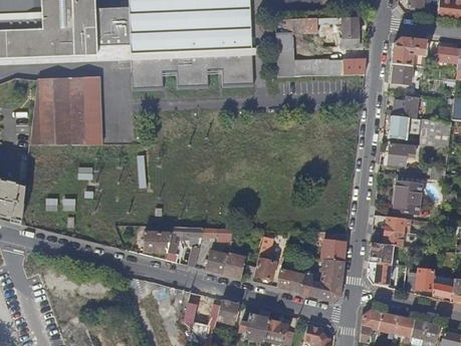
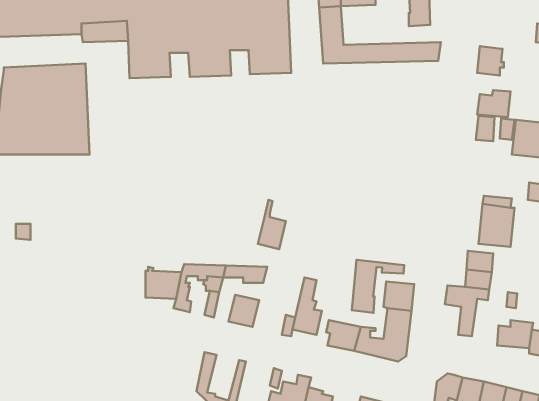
building: [391,35,428,64] -> none
building: [388,142,416,164] -> none
building: none -> [352,260,404,313]
building: [225,240,246,277] -> [258,200,286,249]
building: [215,299,237,324] -> none

